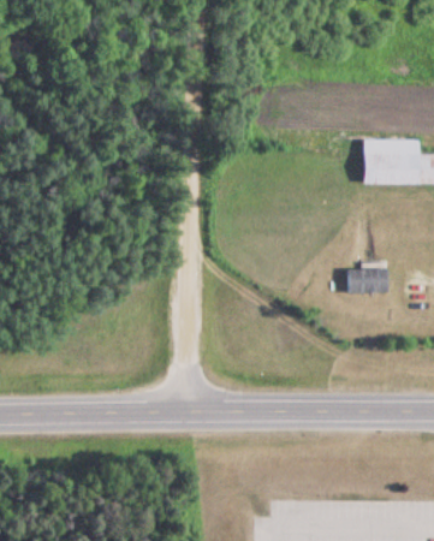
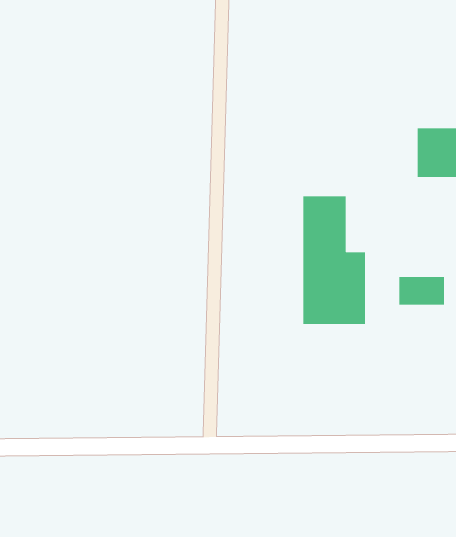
building: none -> [302,195,366,325]

